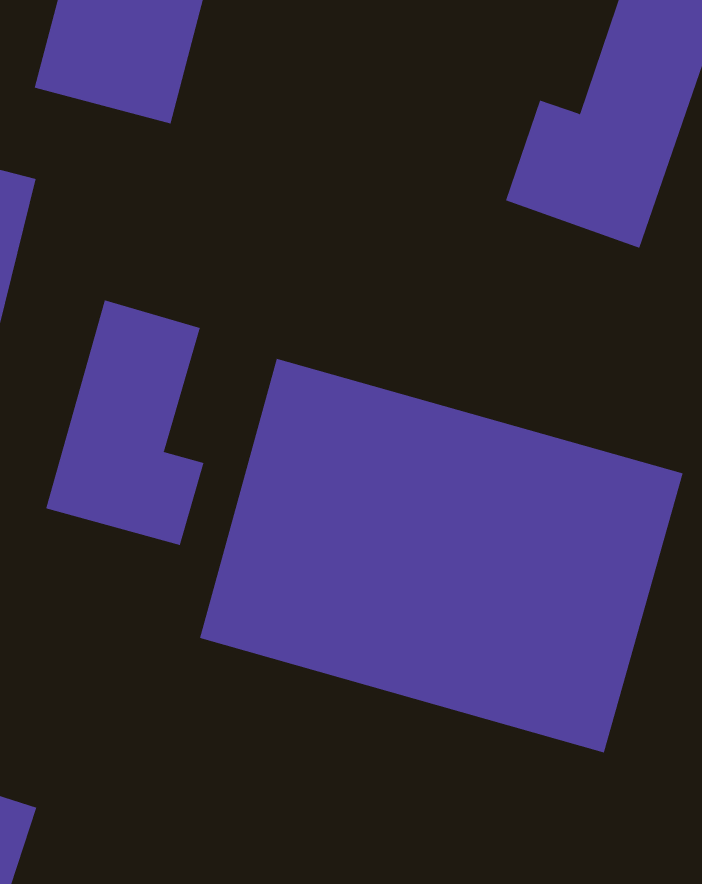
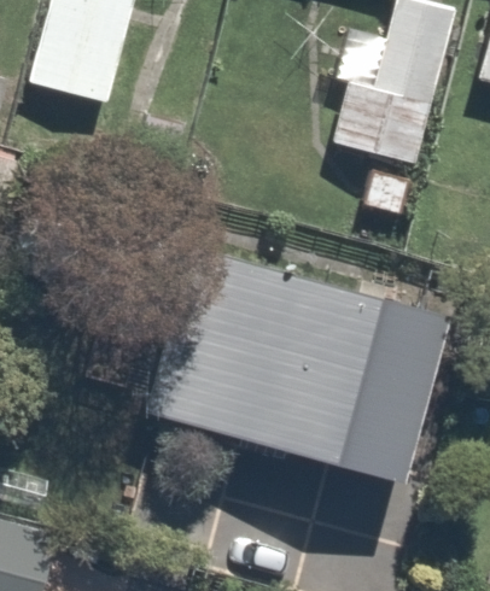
building: [46,300,204,546] -> none

